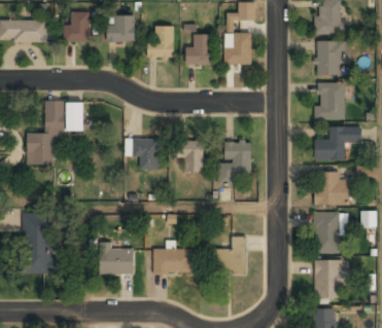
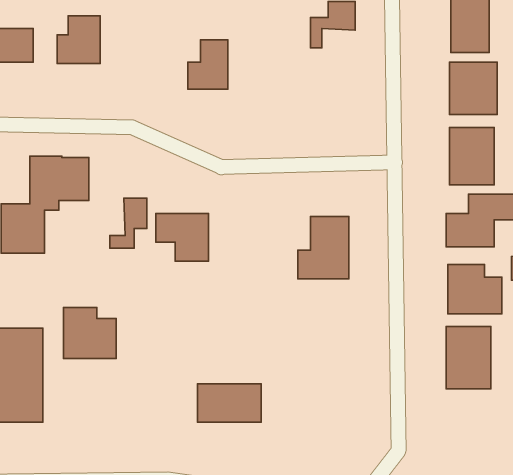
building: [107,15,134,42] -> none
building: [227,32,251,65] -> none
building: [186,35,211,65] -> none
building: none -> [110,198,147,248]
building: [178,141,204,172] -> none
building: [215,235,246,272] -> none
building: [101,241,135,274] -> [63,307,116,358]
building: [314,259,350,299] -> none

